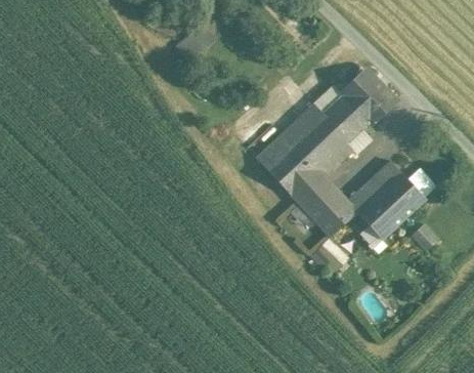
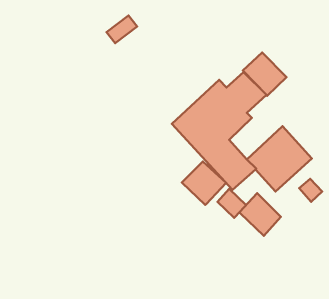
building: none -> [182,162,226,205]
building: none -> [239,193,281,236]

